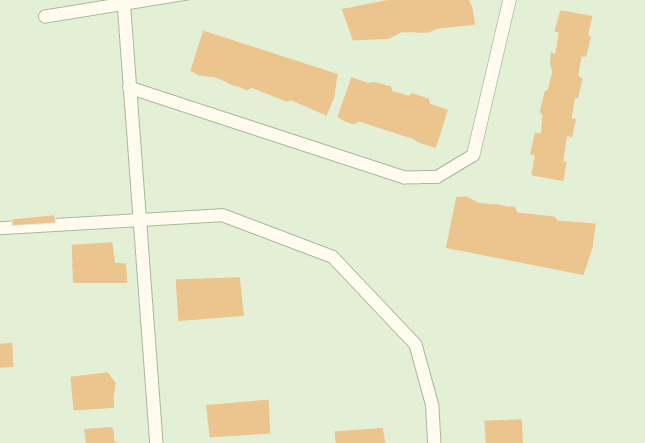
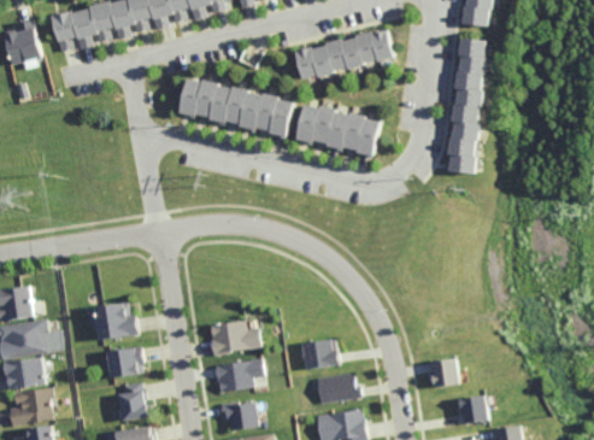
building: [445,195,596,276] -> none
building: [71,242,128,284] -> [93,305,140,340]
building: [175,277,245,321] -> [207,318,264,357]
building: none -> [300,339,335,368]

